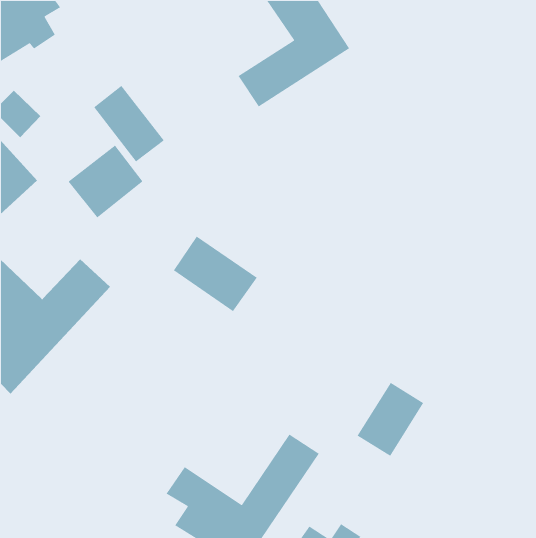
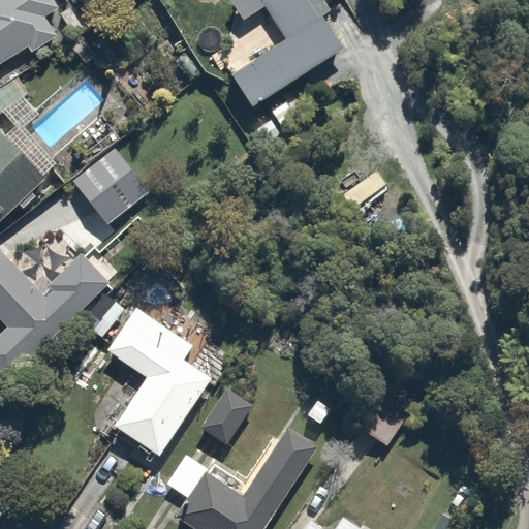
building: [93,85,165,162] -> none
building: [173,236,258,312] -> none
building: none -> [100,307,207,456]
building: none -> [196,383,255,447]

